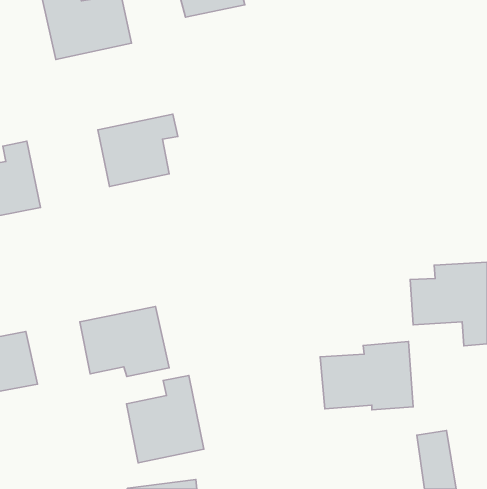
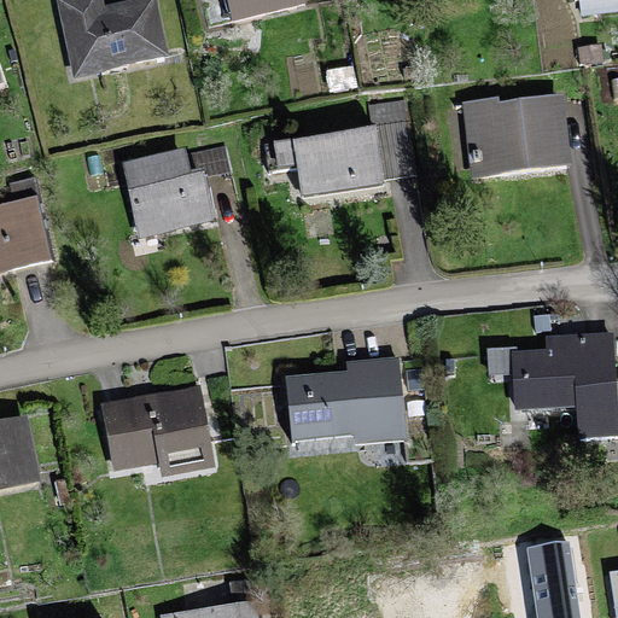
building: none -> [464,94,570,177]
building: none -> [297,100,412,198]
building: [320,342,413,410] -> [290,357,407,443]
building: [127,375,204,463] -> none

